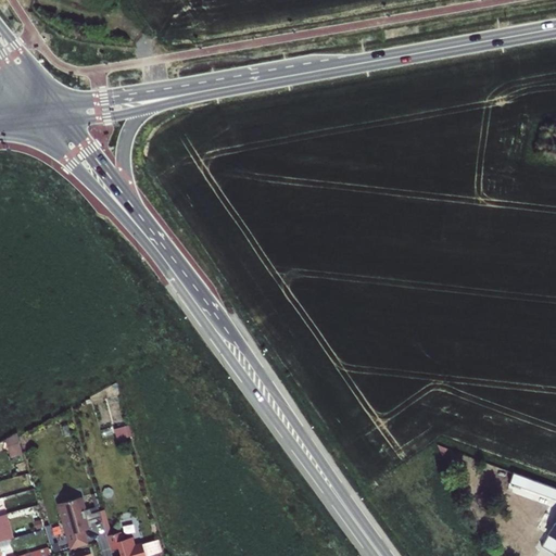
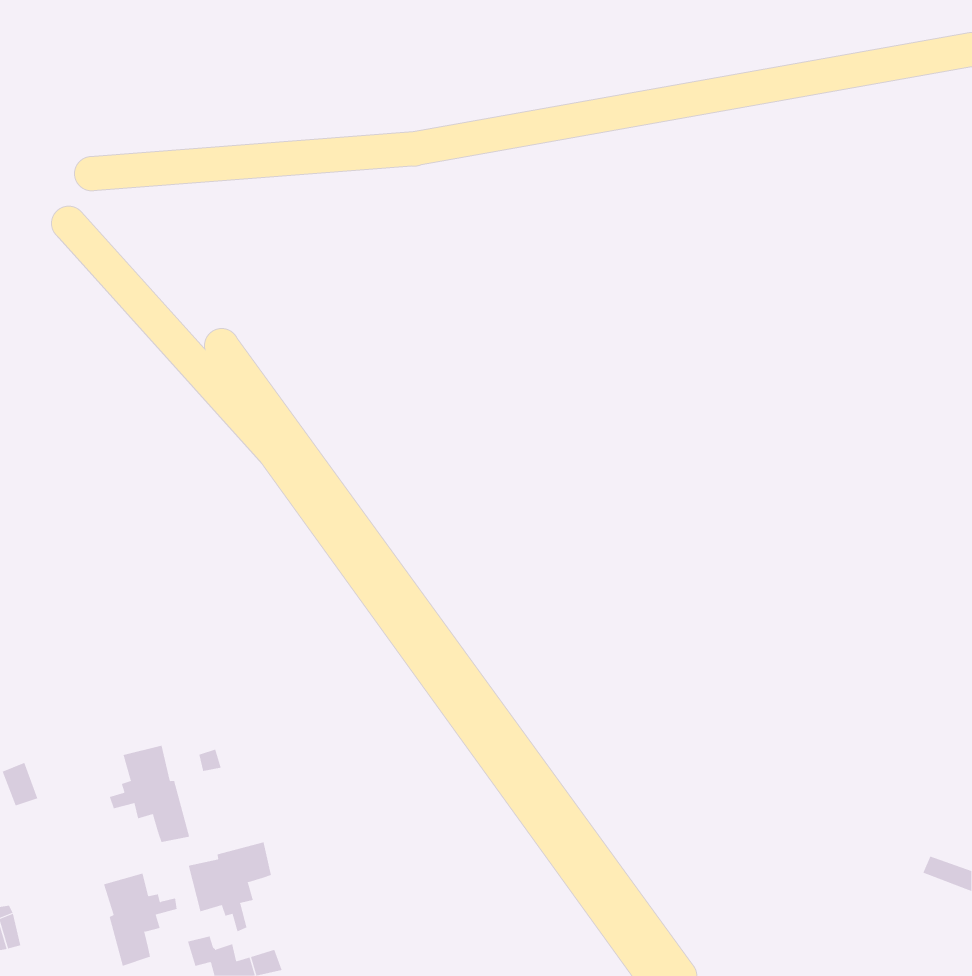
building: none -> [109,745,190,843]
building: none -> [188,841,271,932]

